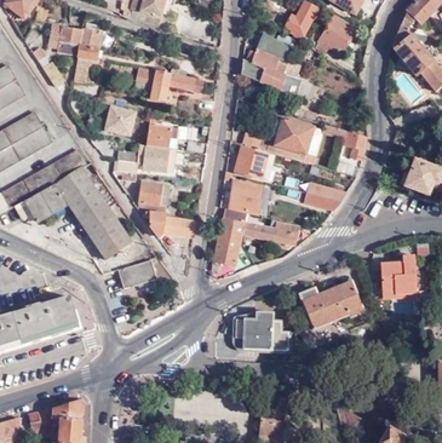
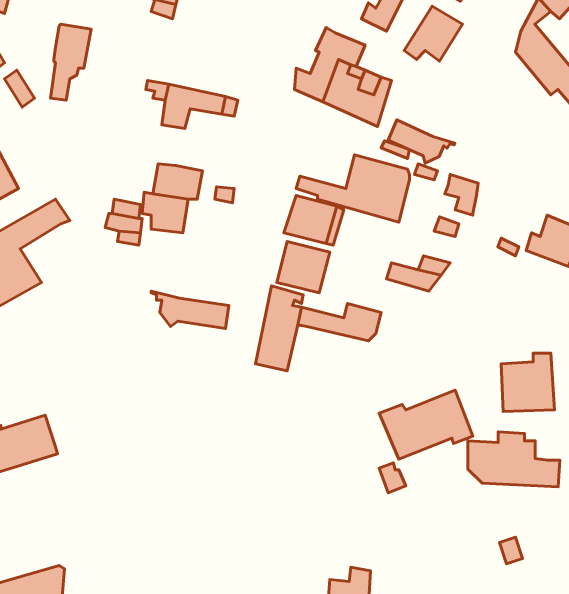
building: [47,24,80,53] -> none
building: [101,94,133,133] -> none
building: none -> [388,120,455,163]
building: [53,166,133,260] -> none
building: [137,180,167,215] -> none
building: [119,260,154,288] -> none
building: [234,312,297,350] -> [468,432,560,487]

